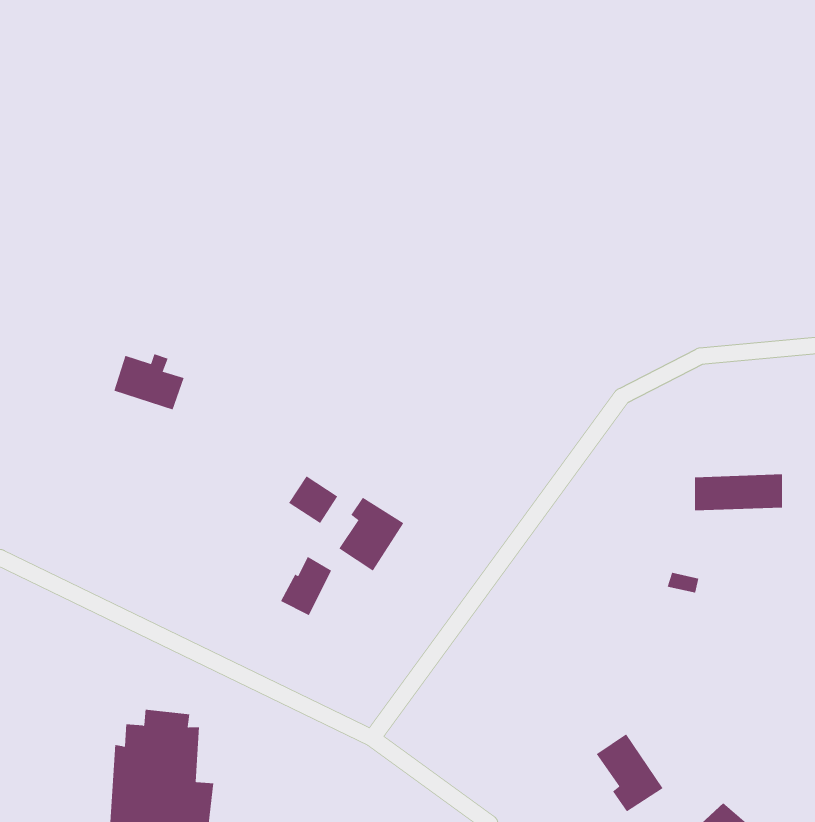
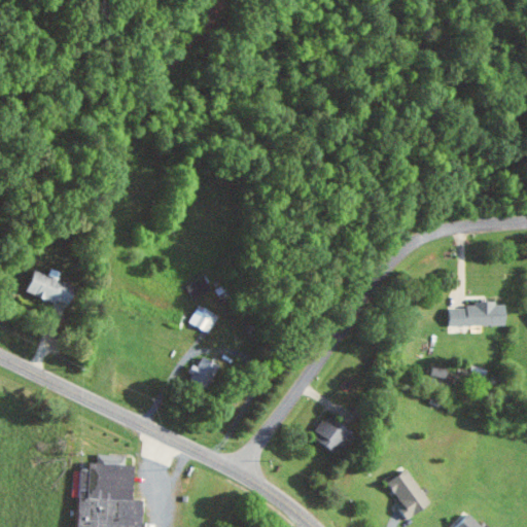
building: [114,354,184,410] -> [24,269,69,305]
building: [338,497,404,571] -> none
building: none -> [313,413,353,454]

